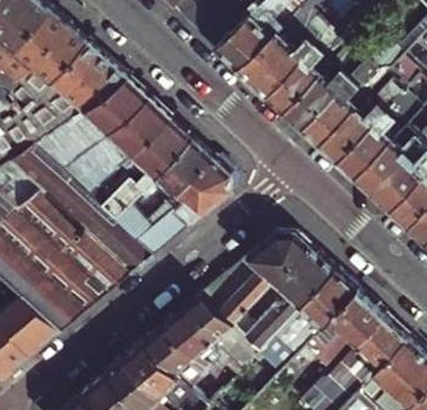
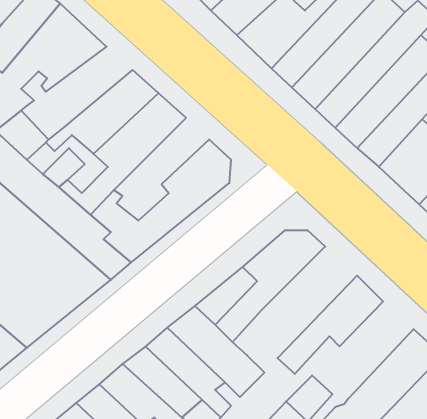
building: [60,78,147,146] -> none
building: [131,137,211,205] -> none
building: [242,245,334,350] -> none
building: [306,291,381,371] -> none

